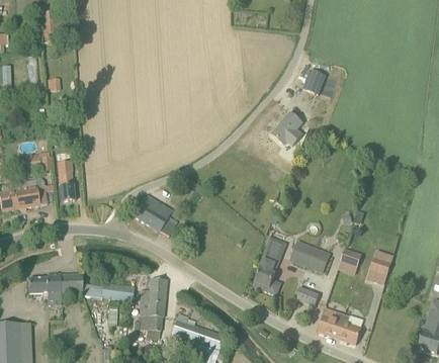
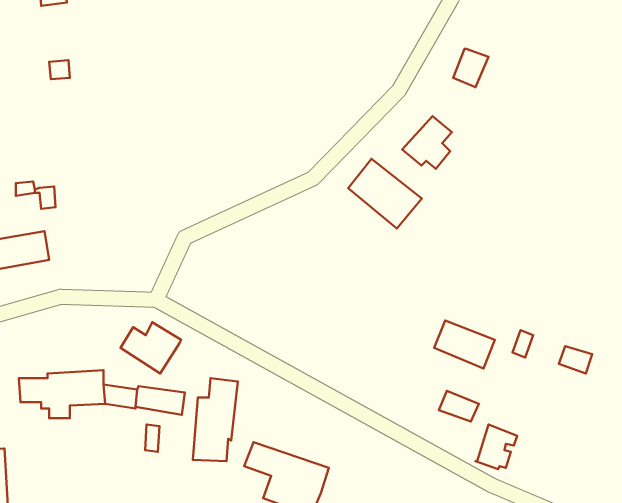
building: none -> [348,159,422,229]
building: [58,163,75,200] -> none
building: [134,198,172,231] -> [120,322,181,373]
building: [255,248,282,293] -> none
building: [336,313,361,343] -> none

